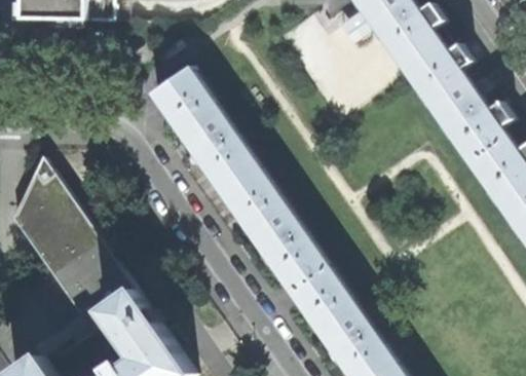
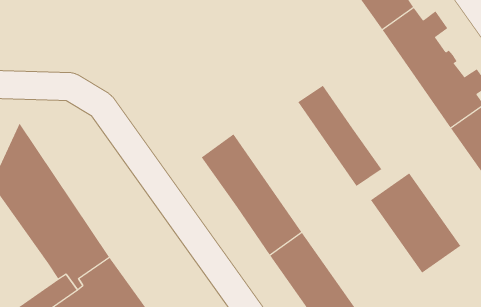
building: [151,69,256,192] -> none
building: none -> [297,85,382,187]
building: none -> [370,173,461,273]

